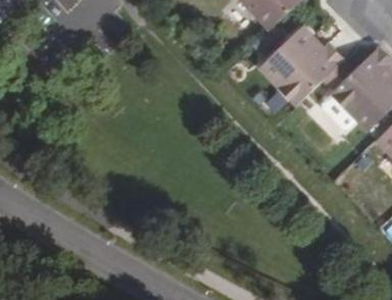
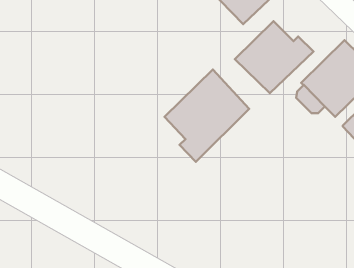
building: none -> [164,70,249,162]

